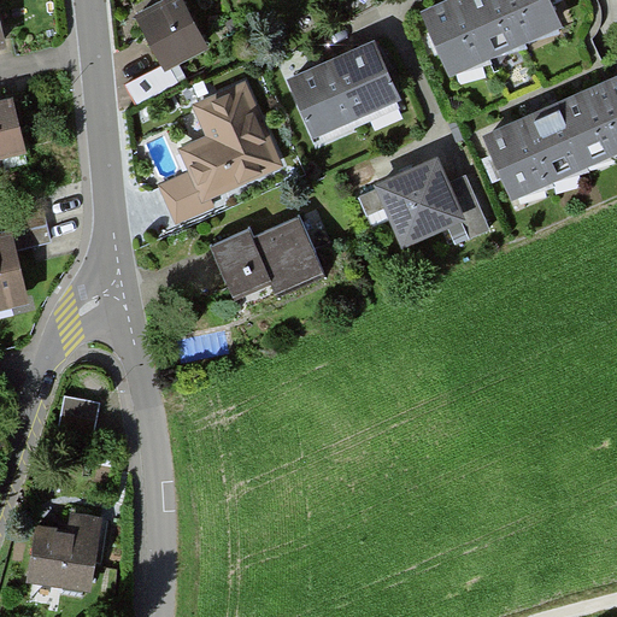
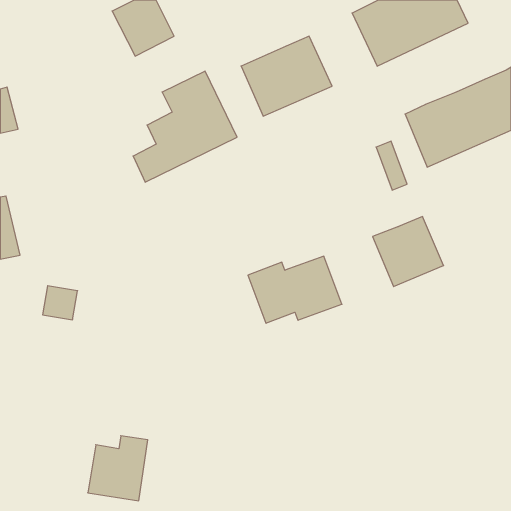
building: [380,158,465,242] -> [373,217,444,287]
building: [205,221,318,301] -> [248,256,342,323]
building: [53,394,95,435] -> [43,286,78,320]
building: [22,510,94,588] -> [88,436,148,501]

